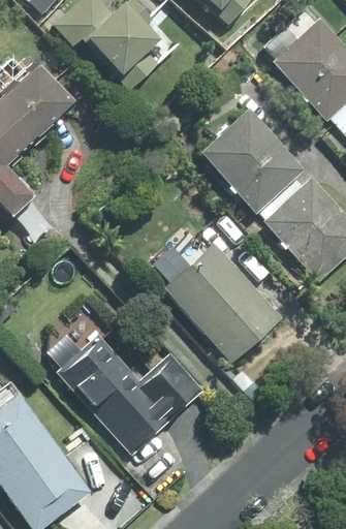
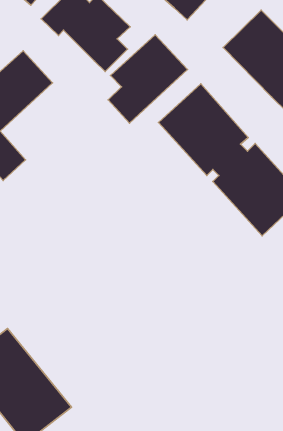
building: none -> [108,35,187,123]
building: [160,243,278,364] -> none
building: [43,335,201,450] -> none

